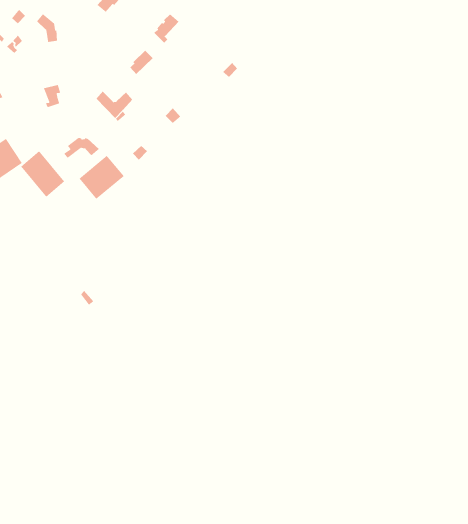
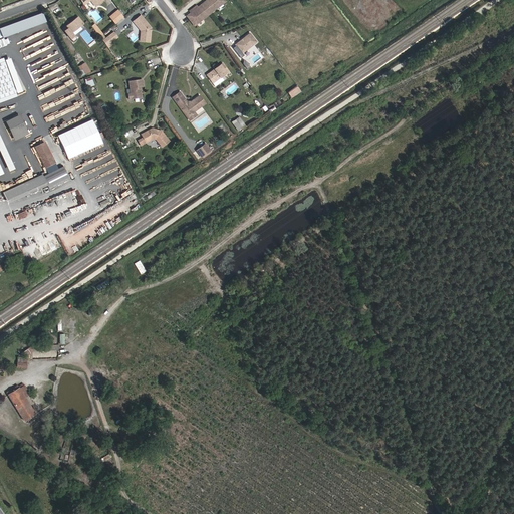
building: [20,150,65,198] -> none
building: [78,155,125,200] -> none

